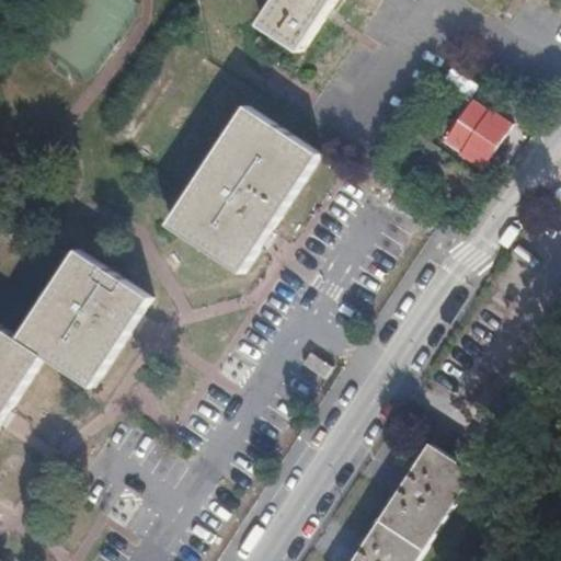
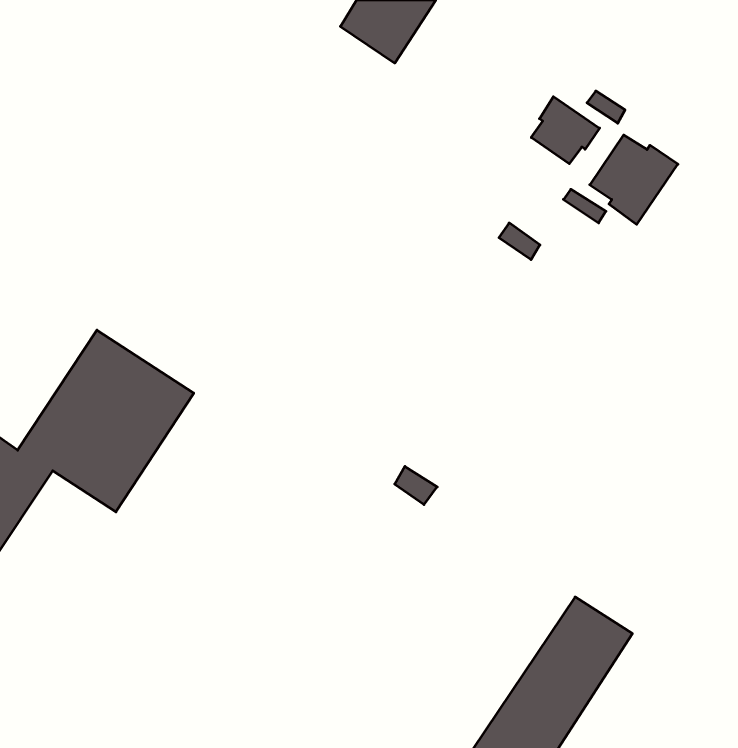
building: none -> [531,97,600,164]
building: [165,105,314,268] -> none

